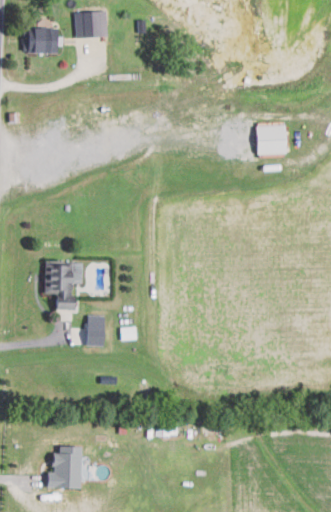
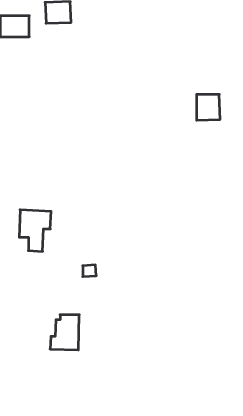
building: [87,315,105,346] -> none
building: [47,446,82,488] -> [50,315,79,350]

